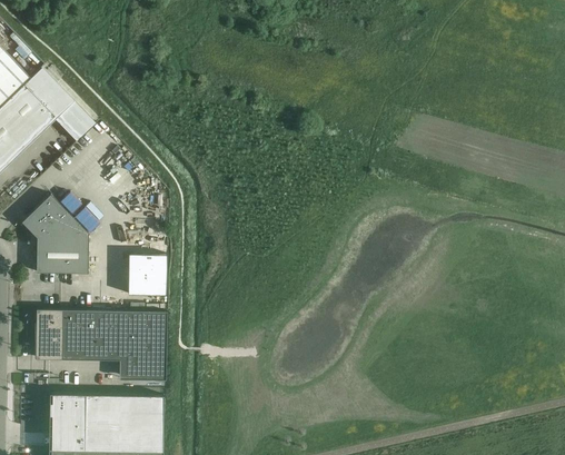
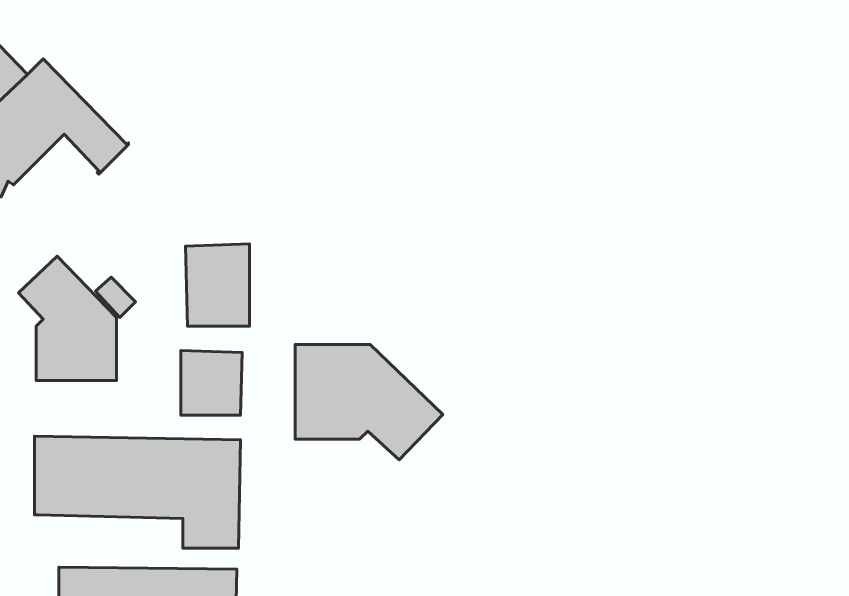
building: none -> [186,244,250,326]
building: none -> [295,344,443,460]

